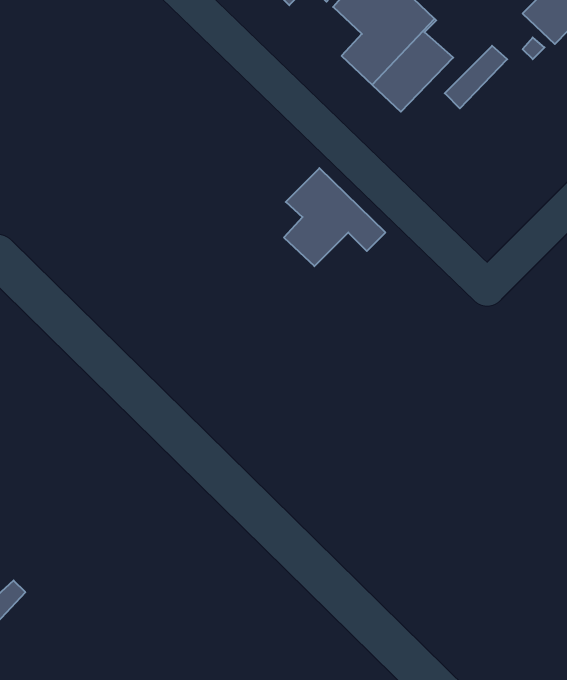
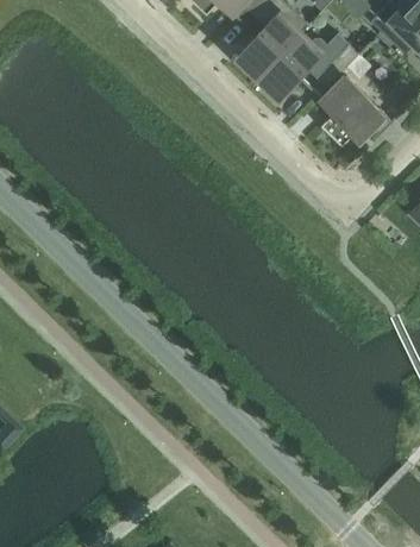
building: [284,168,385,266] -> [321,77,393,146]

